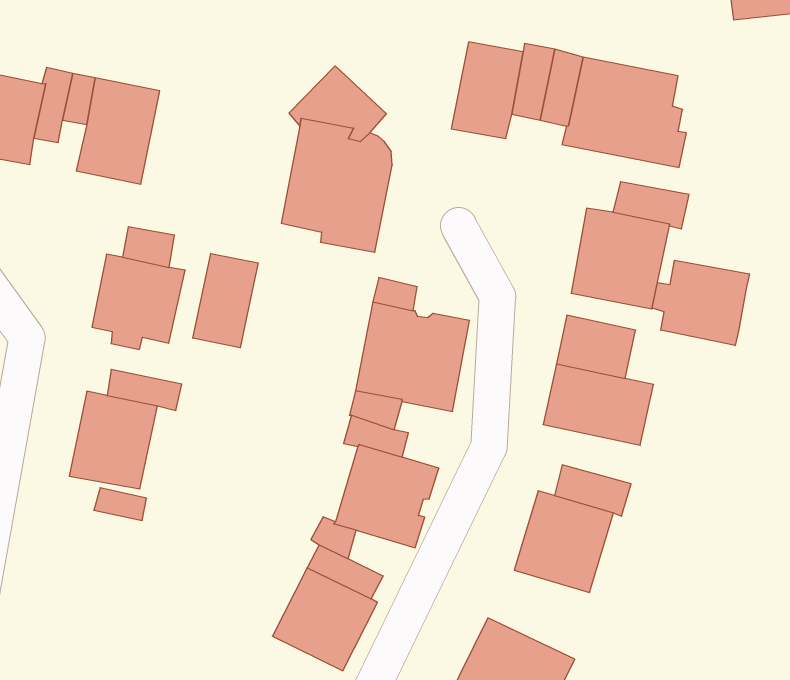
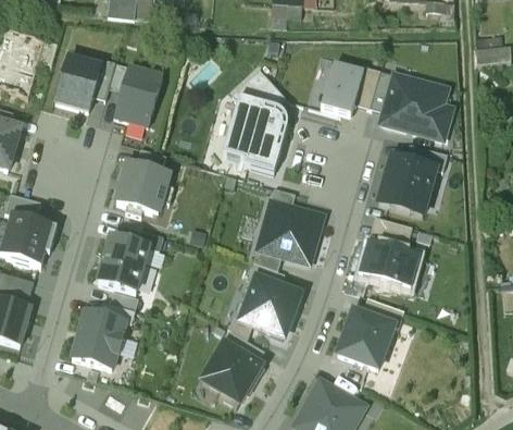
building: [193,253,258,348] -> none
building: [652,260,750,346] -> none
building: none -> [72,310,126,370]

